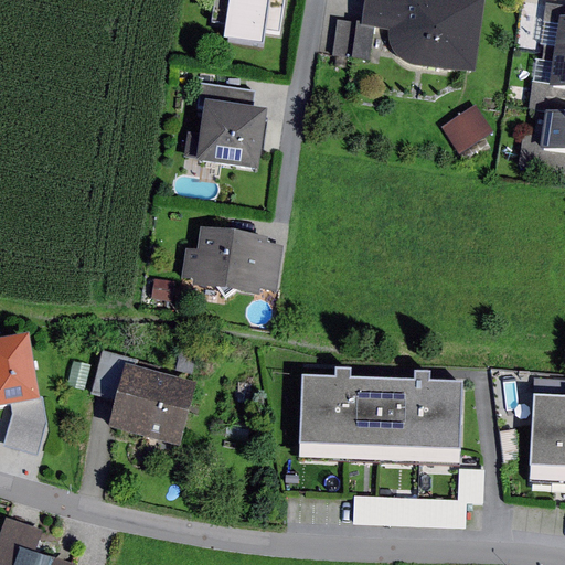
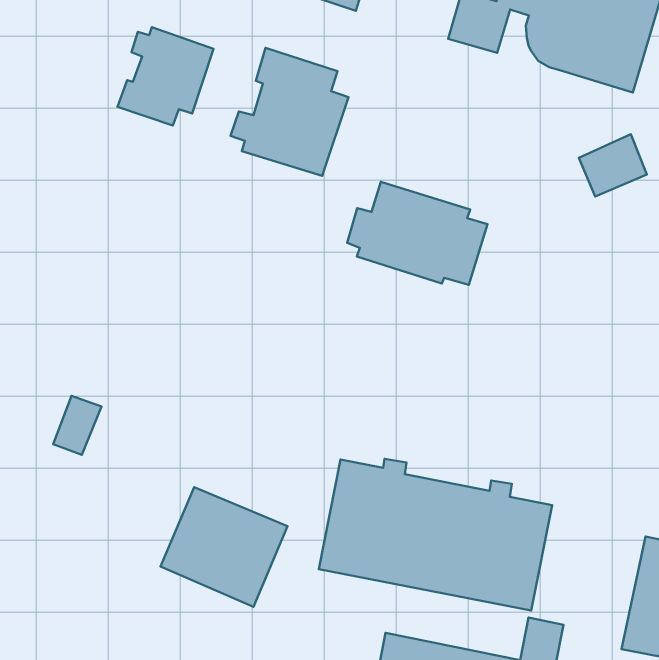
building: none -> [118,27,213,126]
building: [183,225,284,292] -> [347,182,487,285]
building: [108,363,196,444] -> [160,487,288,607]

